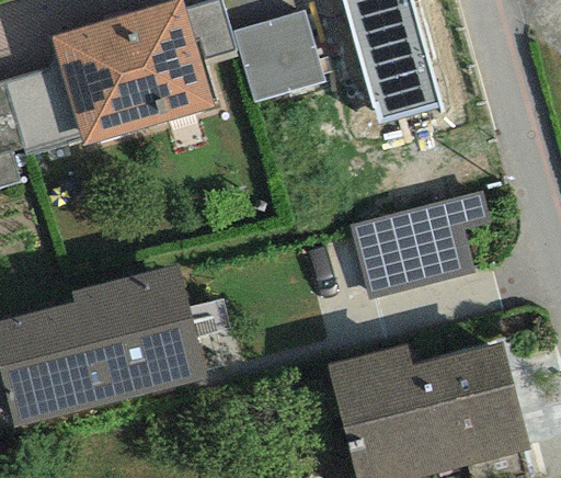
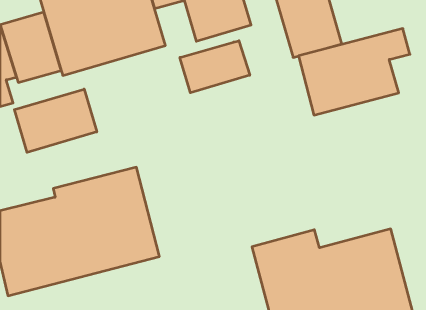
building: none -> [180,41,250,93]
building: none -> [14,89,97,152]
building: [348,189,491,299] -> [299,29,410,115]

